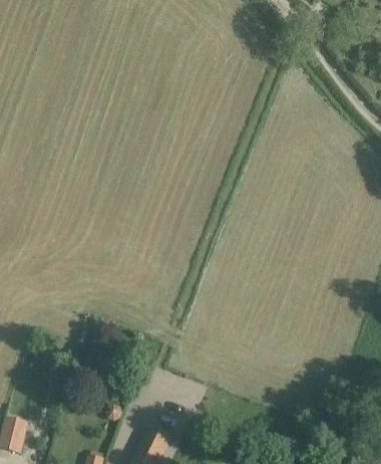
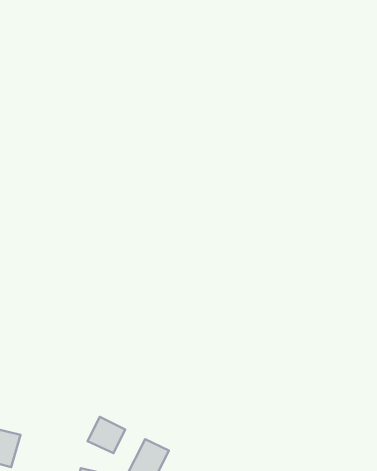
building: none -> [87,417,125,453]

